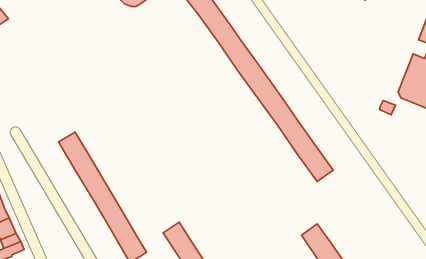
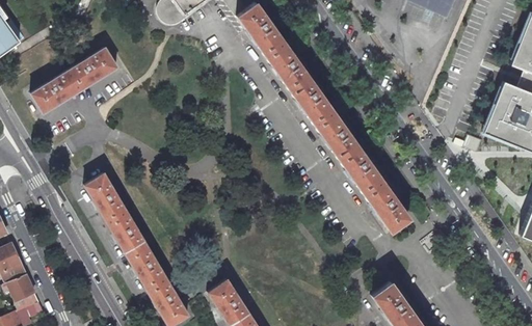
building: none -> [31,47,117,112]

